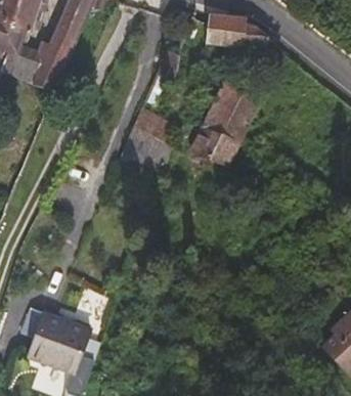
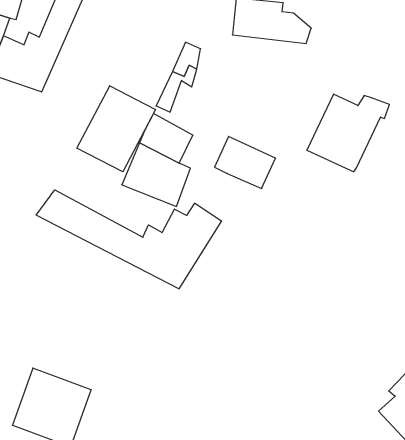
building: [203,80,269,142] -> [307,94,389,172]
building: none -> [77,86,156,172]
building: none -> [36,190,221,289]

